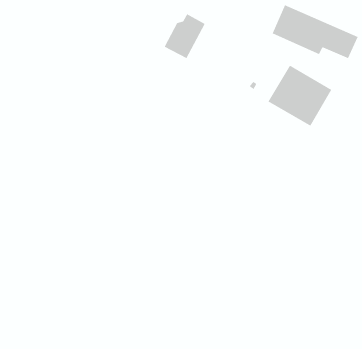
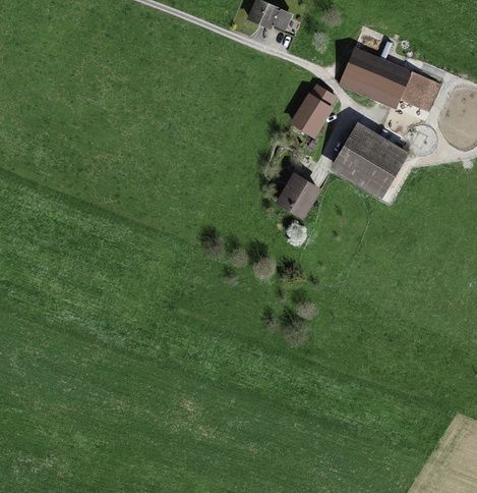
building: [164,13,206,59] -> [288,84,338,138]
building: none -> [279,171,320,216]

